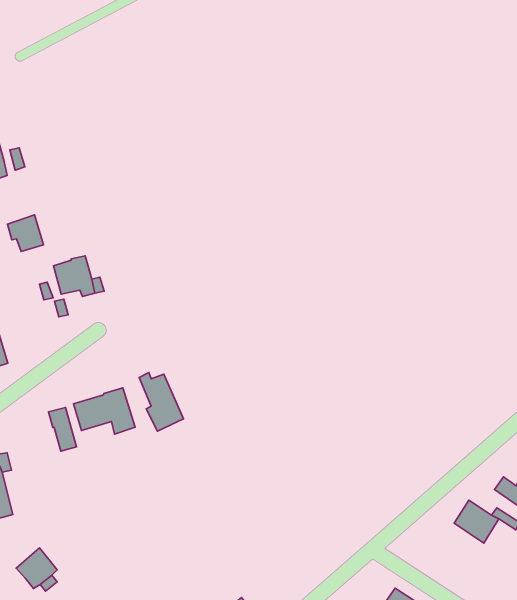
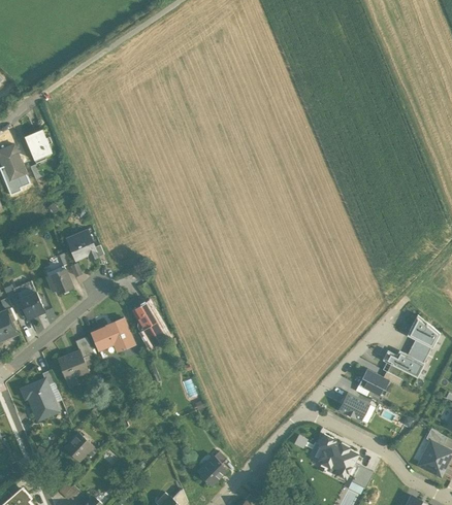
building: none -> [24,129,51,160]
building: [8,215,43,252] -> [46,268,72,294]
building: none -> [57,350,88,380]
building: none -> [338,395,370,423]

